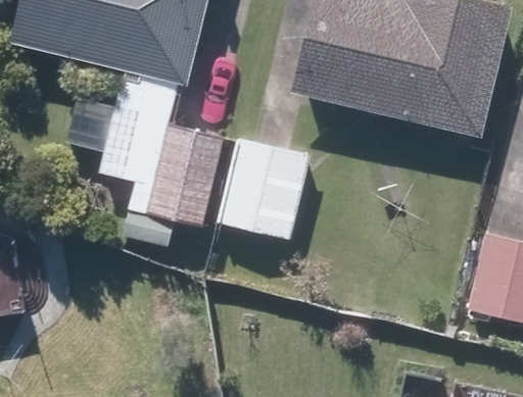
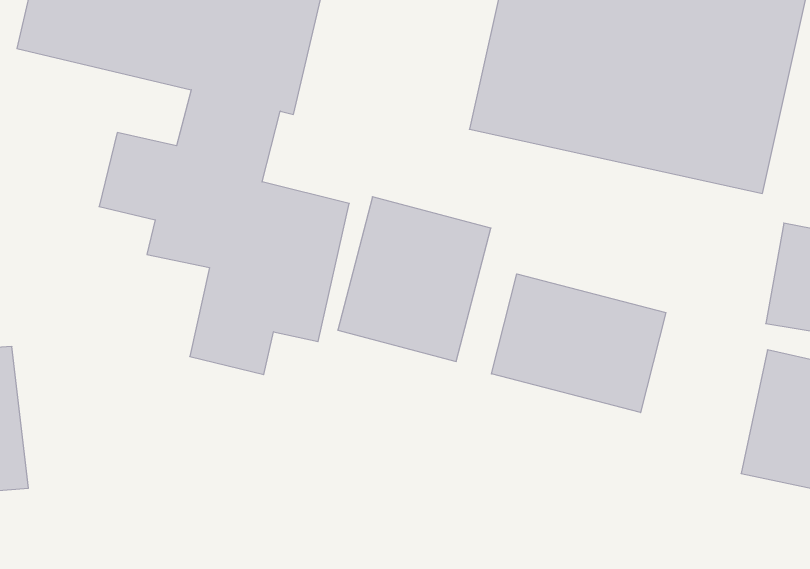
building: none -> [491,274,666,413]

